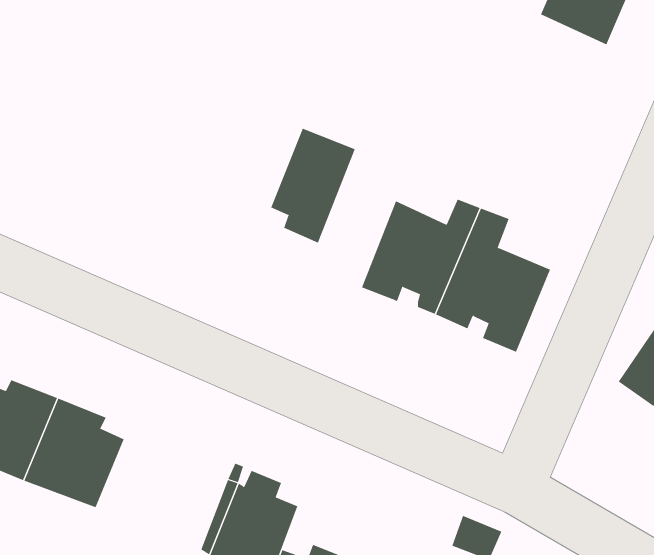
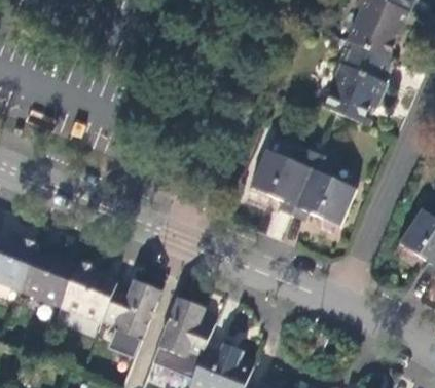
building: none -> [330,44,394,123]
building: [271,128,356,243] -> none
building: none -> [98,280,157,340]

